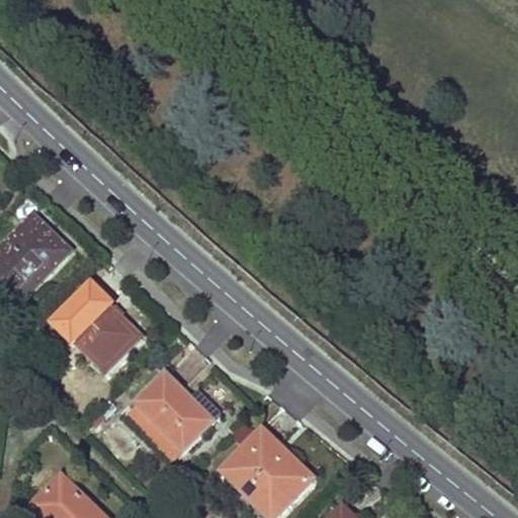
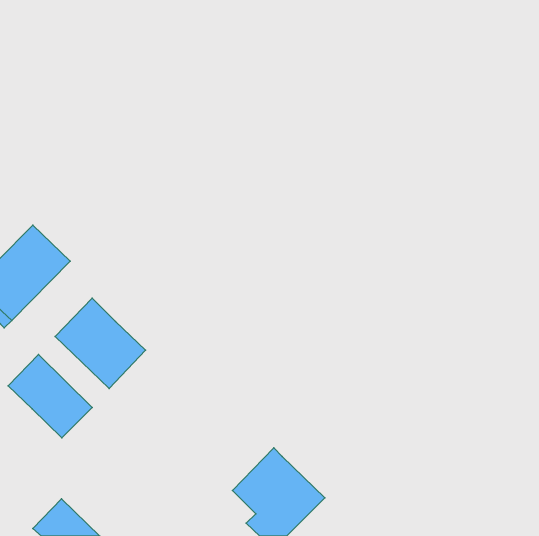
building: none -> [8,355,92,438]
building: [135,372,218,449] -> none

